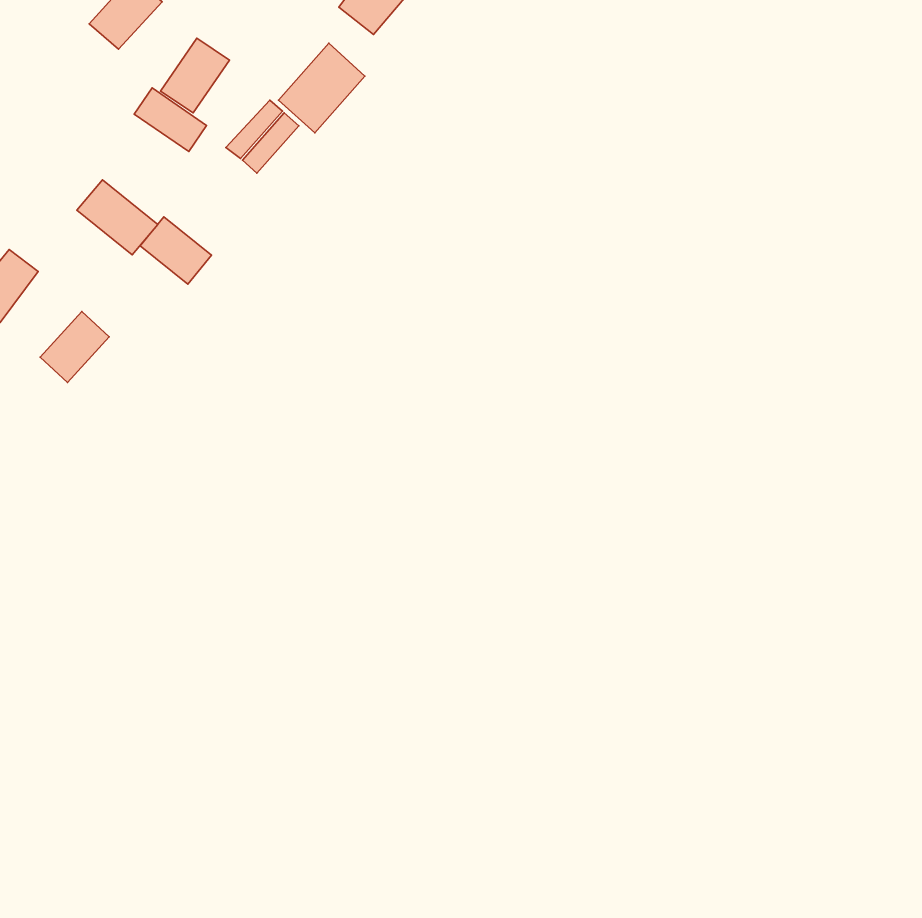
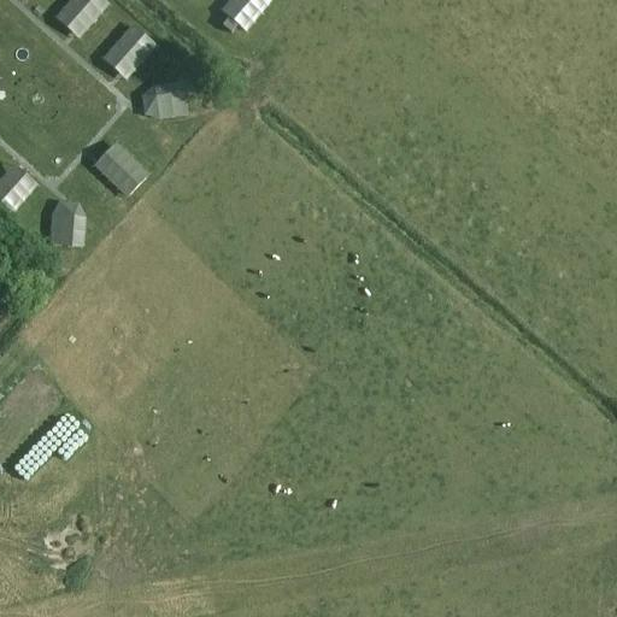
building: [279,43,365,133] -> none
building: [134,88,207,152] -> none
building: [77,180,158,255] -> none

